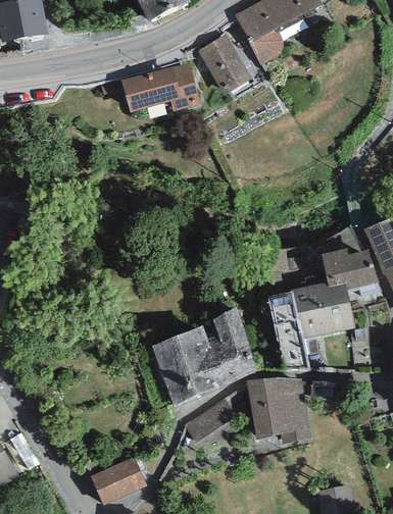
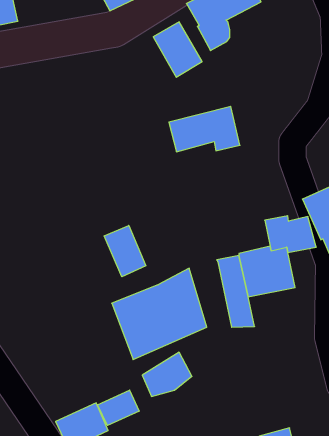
building: [120,62,199,112] -> [169,106,240,152]
building: none -> [104,225,146,277]
building: [246,377,312,444] -> none
building: none -> [97,390,139,425]

